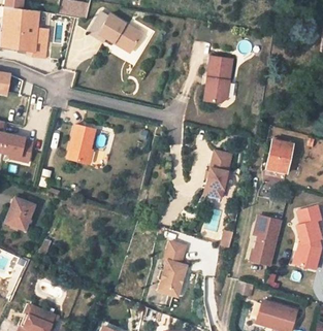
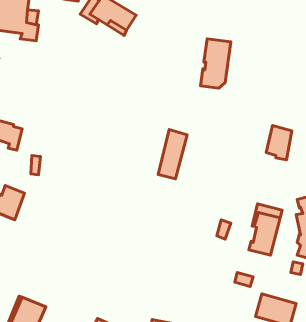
building: [67,124,95,163] -> none
building: [204,150,232,197] -> [158,130,187,179]
building: [159,241,187,296] -> none

